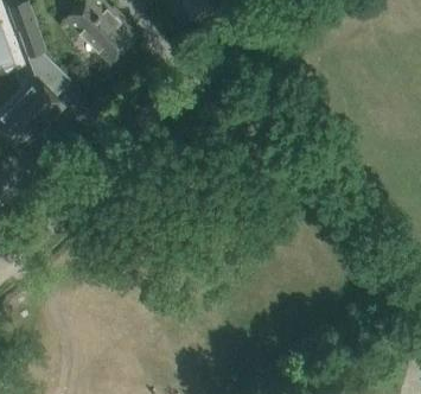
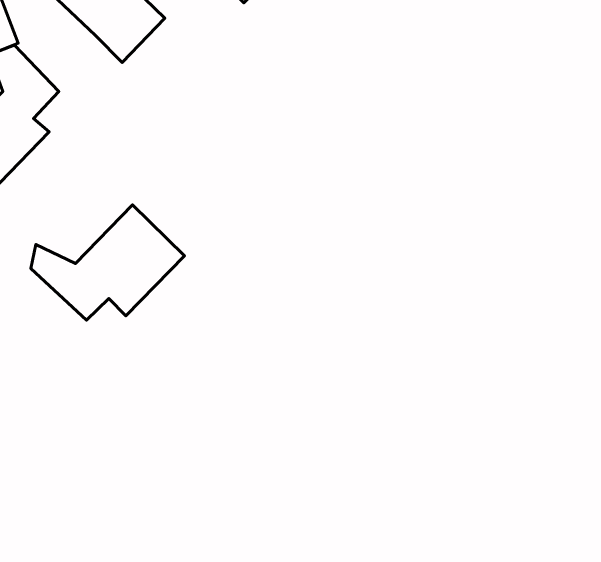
building: none -> [31,205,184,320]

